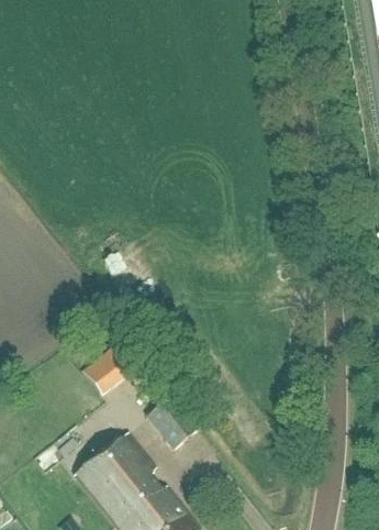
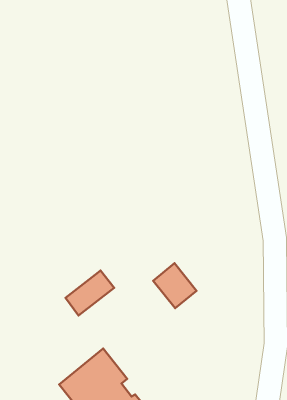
building: [146,395,198,449] -> [153,263,196,308]

